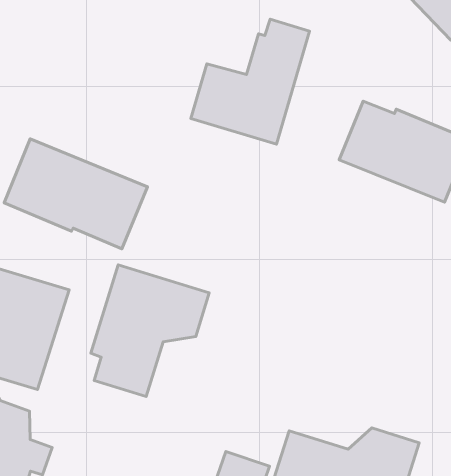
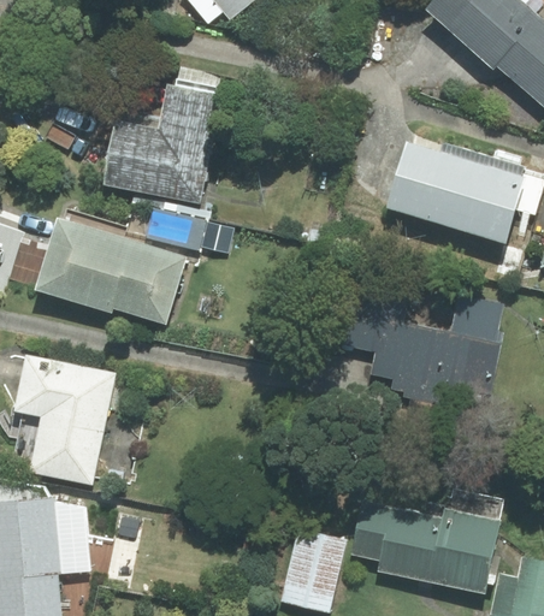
building: [191,19,310,144] -> [105,69,221,201]
building: none -> [345,296,503,404]
building: [91,265,209,397] -> none

